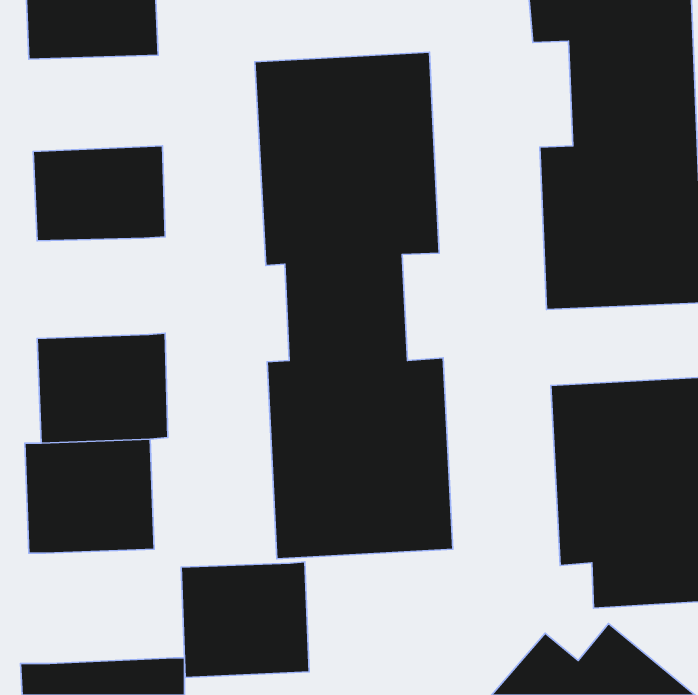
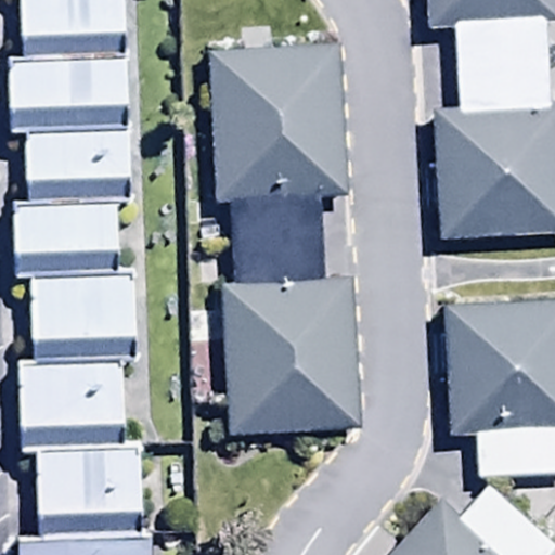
building: none -> [12,43,132,119]
building: none -> [17,188,121,267]
building: [181,562,309,677] -> [40,431,141,522]

